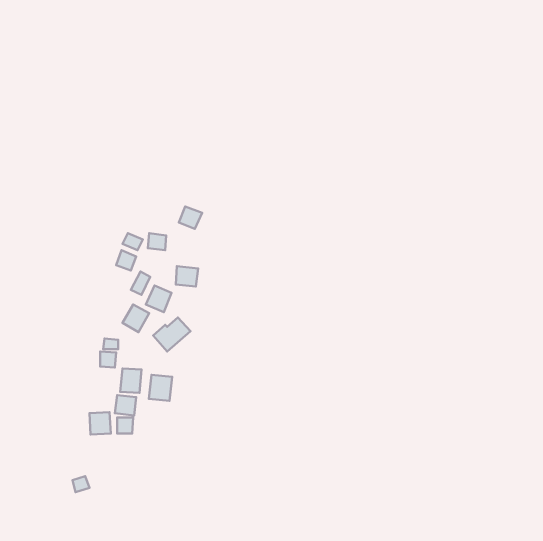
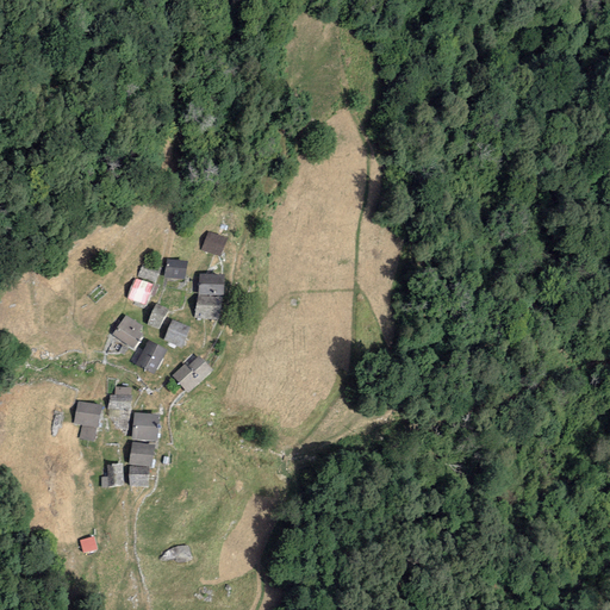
building: none -> [200,273,225,297]
building: none -> [112,316,144,350]
building: none -> [74,400,102,437]
building: [149,375,172,401] -> none

